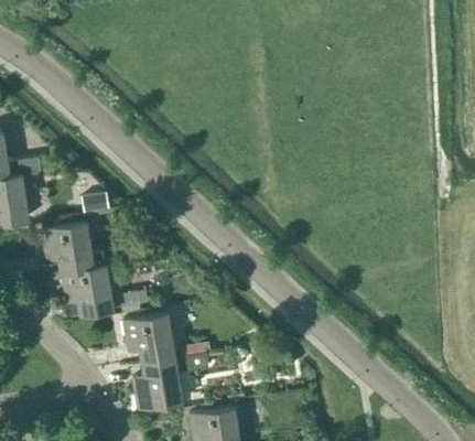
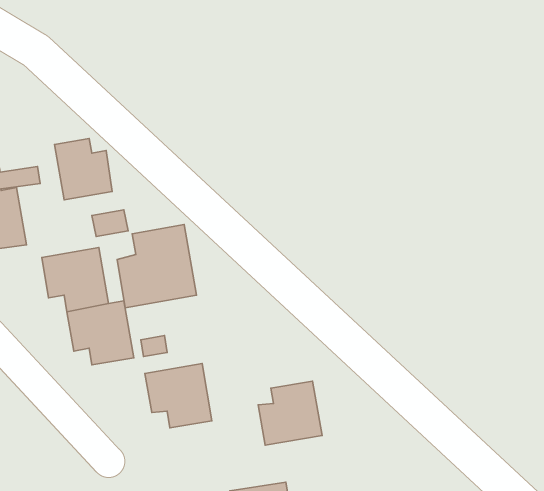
building: none -> [55,138,112,200]
building: none -> [117,225,196,308]
building: [132,359,183,410] -> [258,381,322,445]

